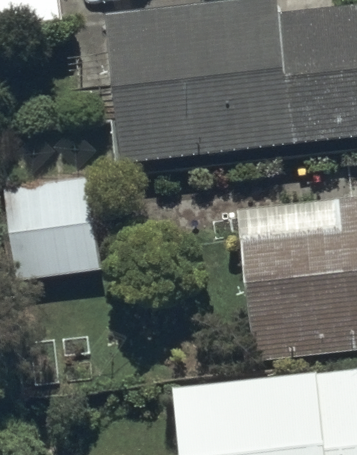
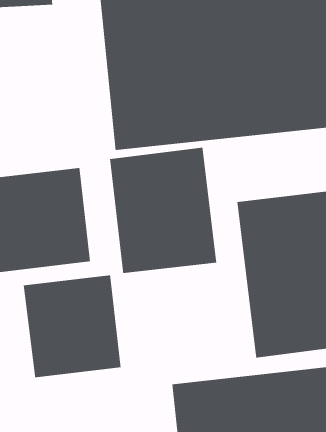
building: none -> [109,147,217,274]
building: none -> [23,275,121,378]

